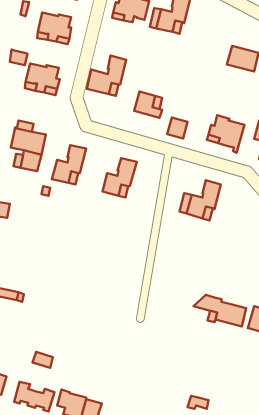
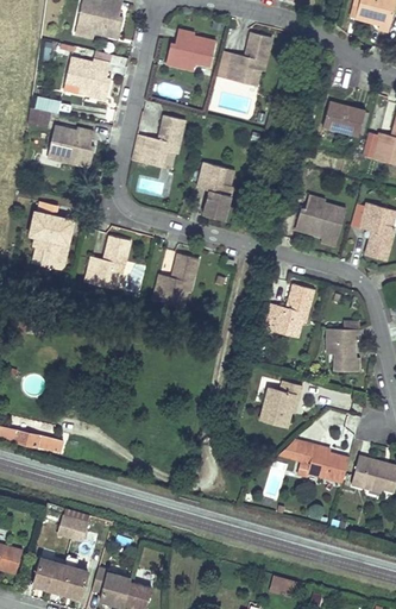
building: [167,118,187,139] -> [203,193,231,221]
building: none -> [327,328,360,371]
building: none -> [260,381,302,427]

